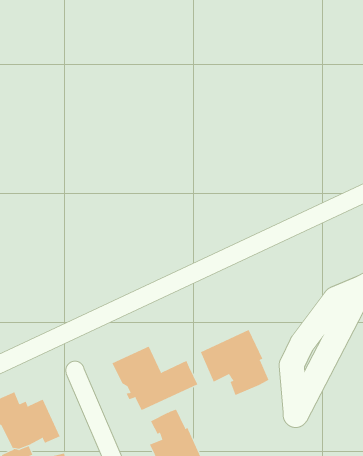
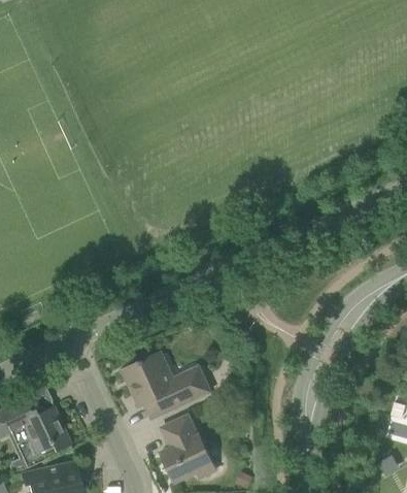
building: [200,329,269,396] -> none

